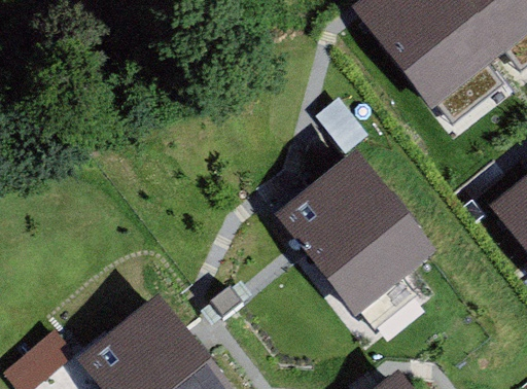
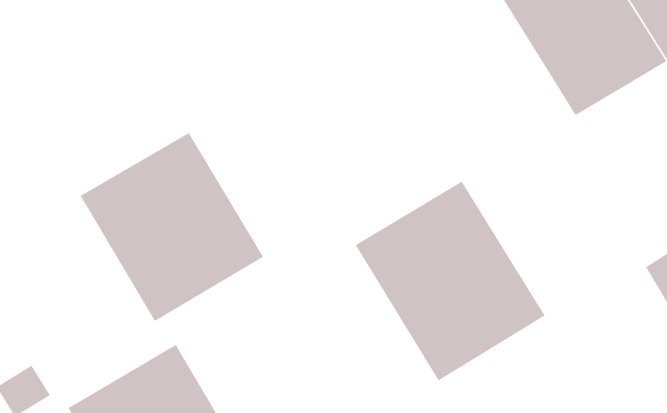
building: none -> [80,132,264,322]

